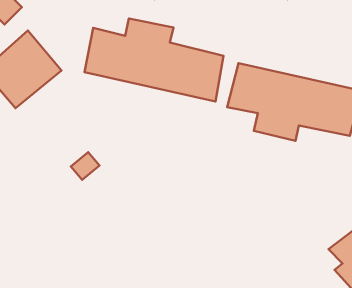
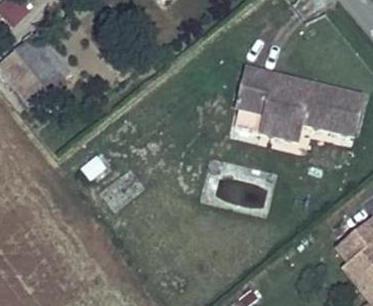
building: [85,18,223,101] -> none

